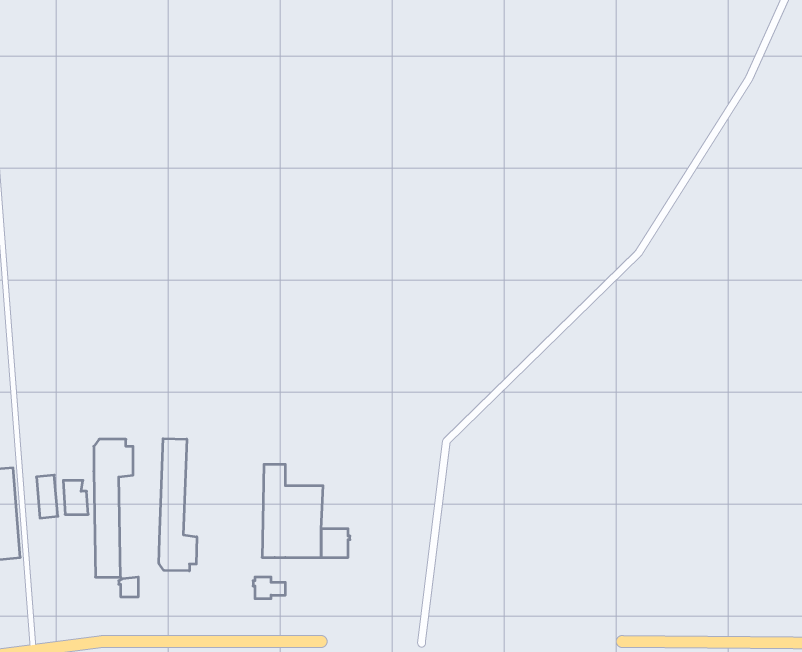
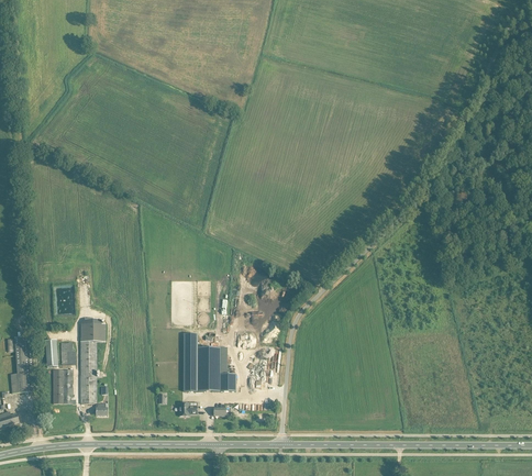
building: [159,439,197,571] -> none
building: none -> [52,368,71,402]

